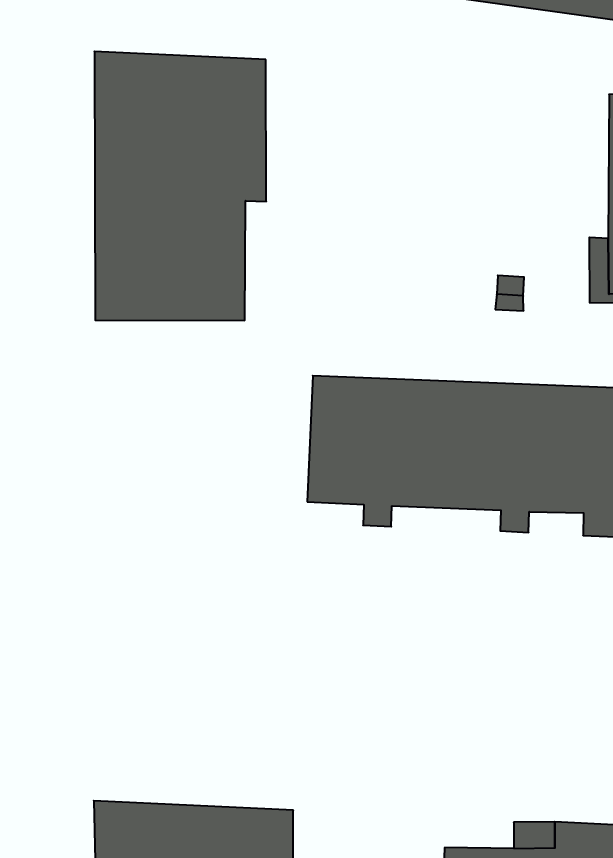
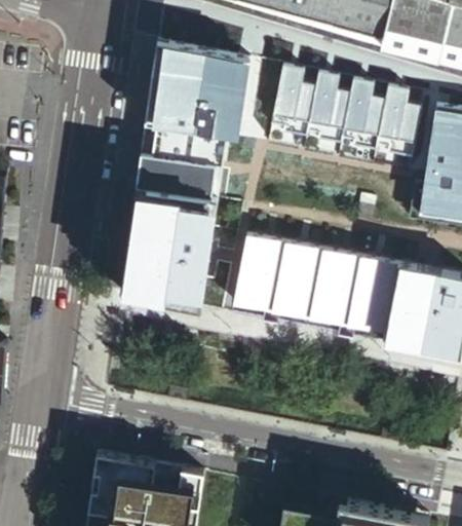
building: none -> [270,64,421,158]
building: none -> [118,187,243,309]

